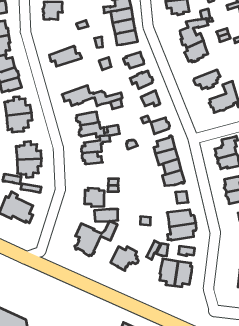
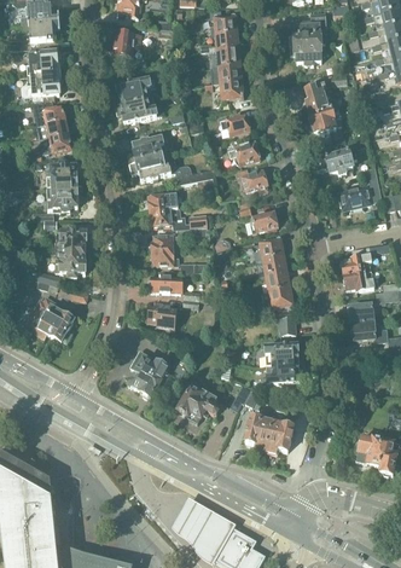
building: none -> [114,79,156,106]
building: none -> [127,135,172,164]
building: [94,209,118,221] -> [150,276,184,292]

